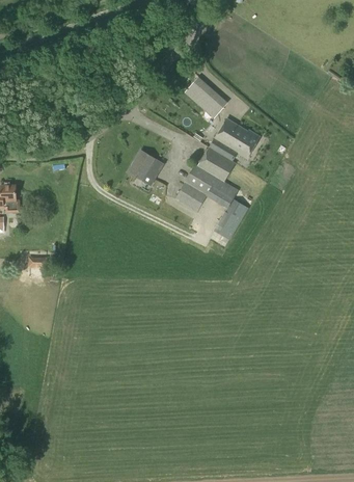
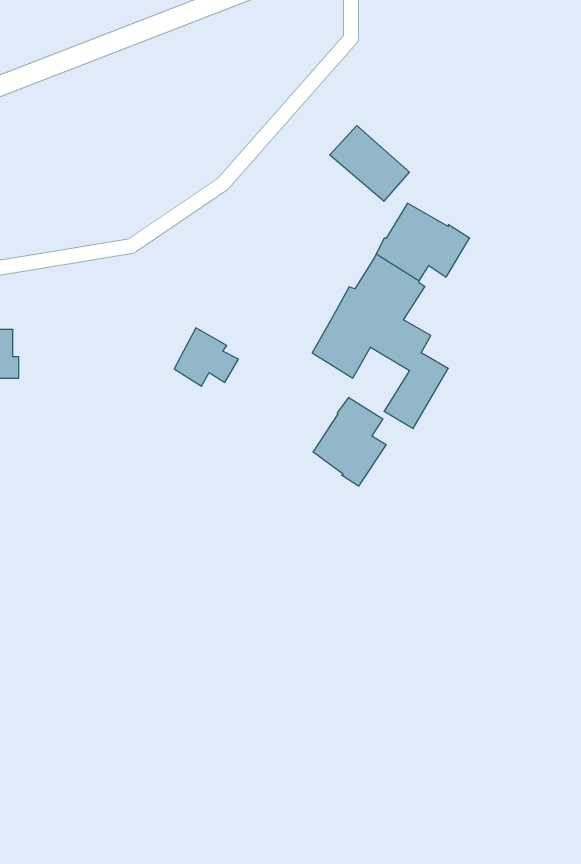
building: [129,150,163,181] -> [174,328,238,386]
building: none -> [313,397,386,486]

